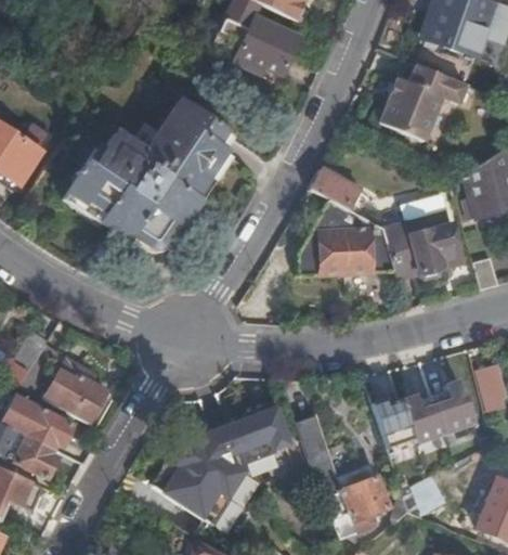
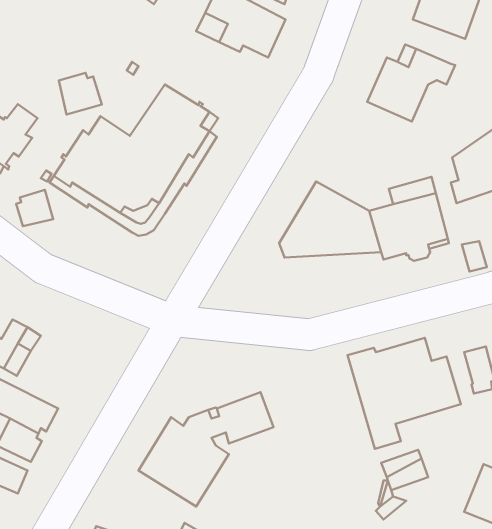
building: none -> [59,73,102,115]
building: [312,167,369,216] -> none
building: none -> [16,190,53,226]
building: [40,356,107,424] -> none
building: [296,415,387,540] -> none

